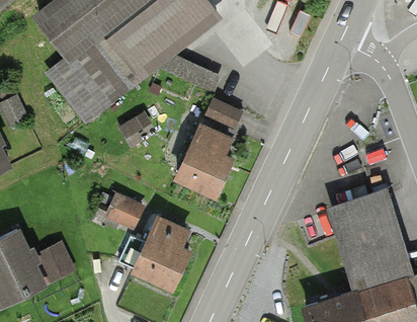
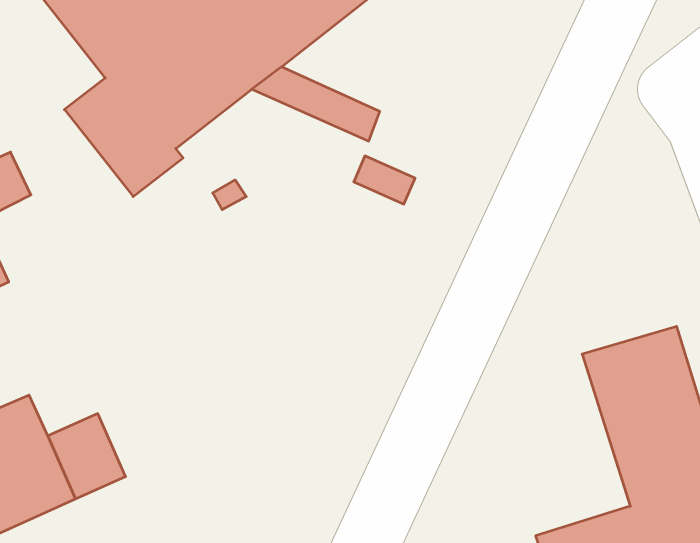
building: [175,124,229,192] -> none
building: [92,195,139,227] -> none
building: [117,217,187,286] -> none

